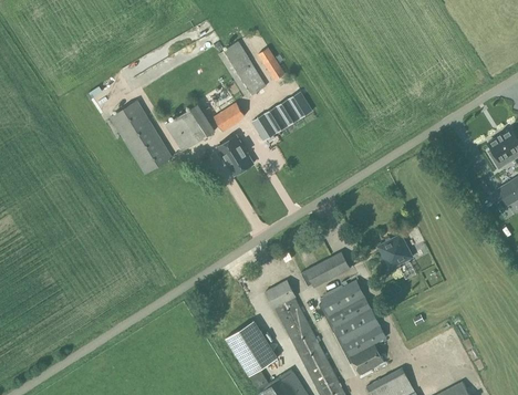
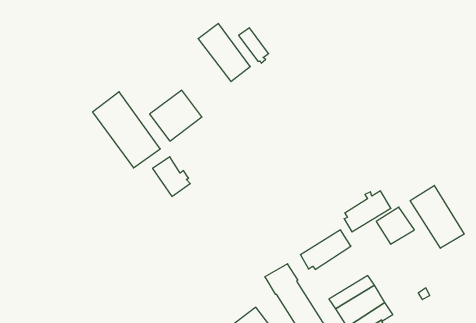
building: [252,92,312,141] -> none
building: [214,102,247,132] -> none
building: [218,136,253,175] -> [153,157,190,196]
building: none -> [410,185,464,248]
building: [319,280,365,318] -> [344,191,391,232]

